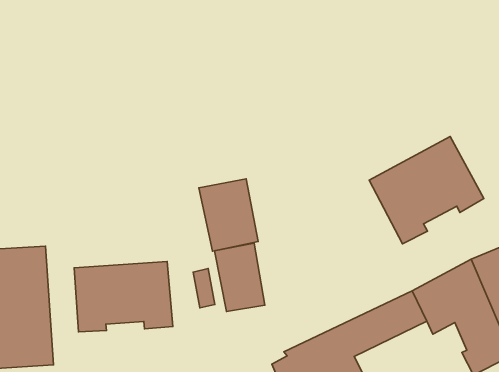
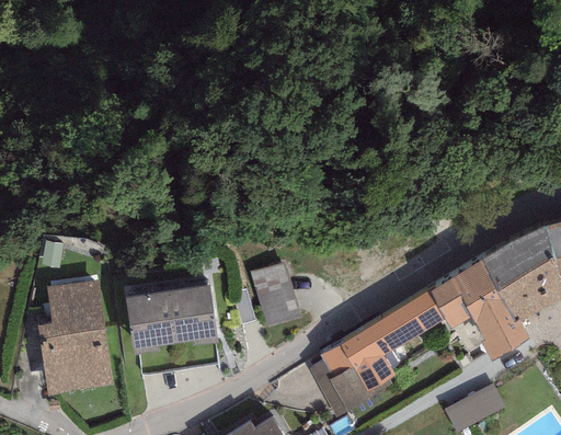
building: [369,137,484,244] -> none
building: [199,179,258,251] -> none

